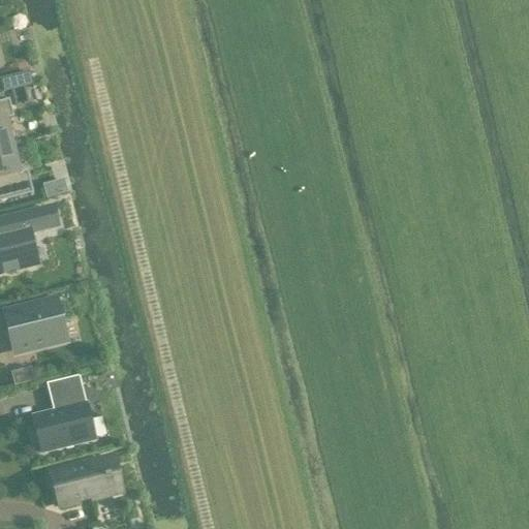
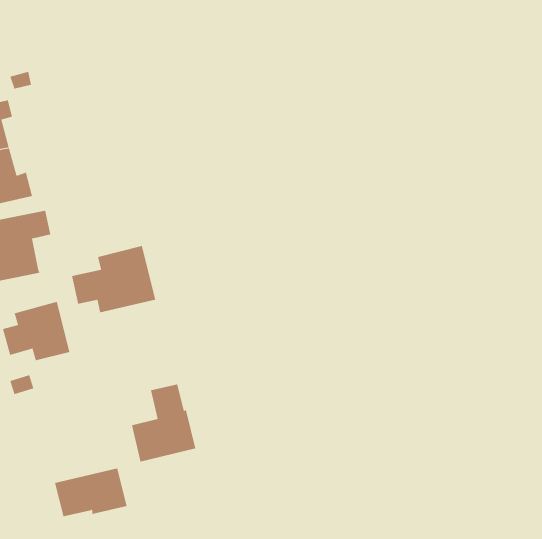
building: none -> [72,245,156,313]
building: [32,374,95,450] -> [131,384,196,462]

